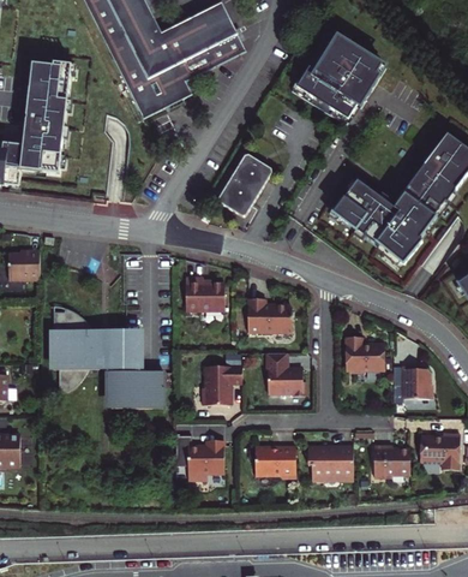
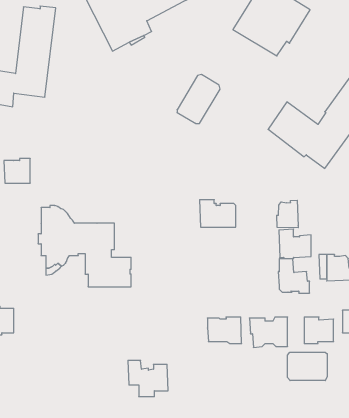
building: [186,280,226,313] -> none
building: none -> [277,200,298,228]
building: [266,352,305,394] -> [278,259,310,293]
building: [203,367,242,406] -> none
building: [175,434,224,478] -> [128,360,168,397]
building: none -> [287,352,327,381]

